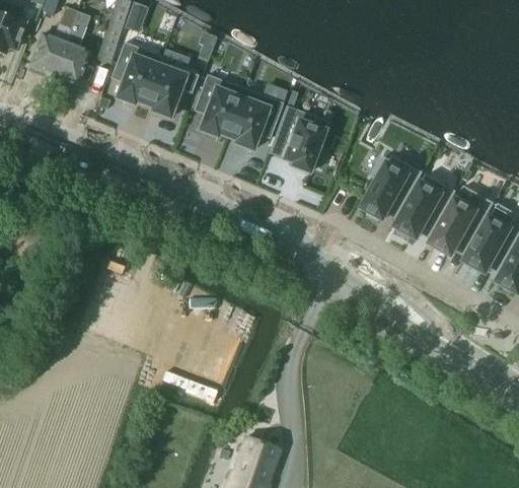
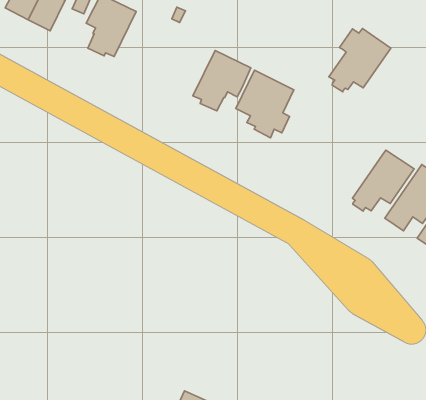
building: [143,57,198,118] -> none
building: [195,75,244,137] -> none
building: [363,155,423,221] -> [329,29,391,92]

